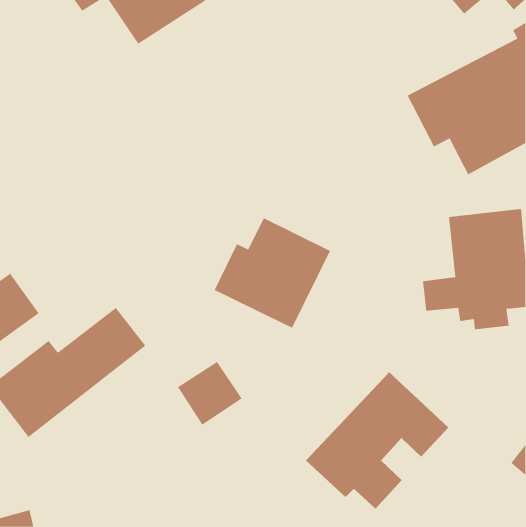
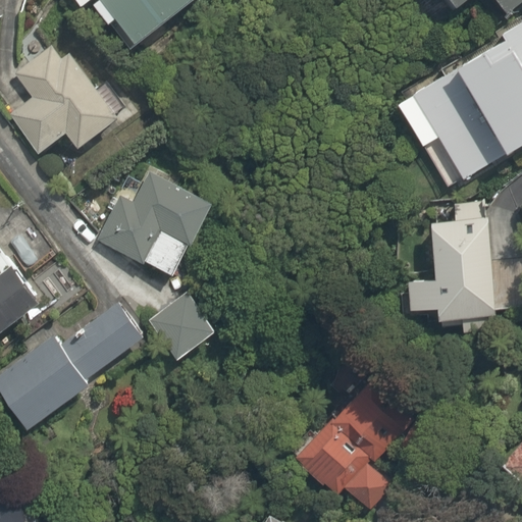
building: none -> [9,48,114,155]
building: [214,218,331,329] -> [96,172,211,281]
building: [177,361,242,425] -> [150,295,214,358]

